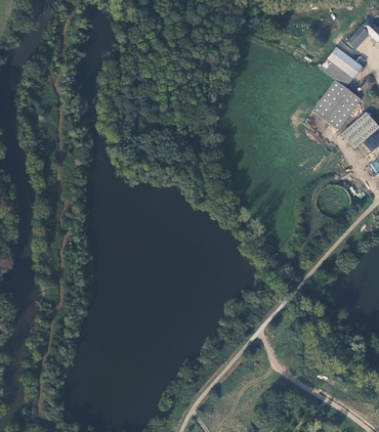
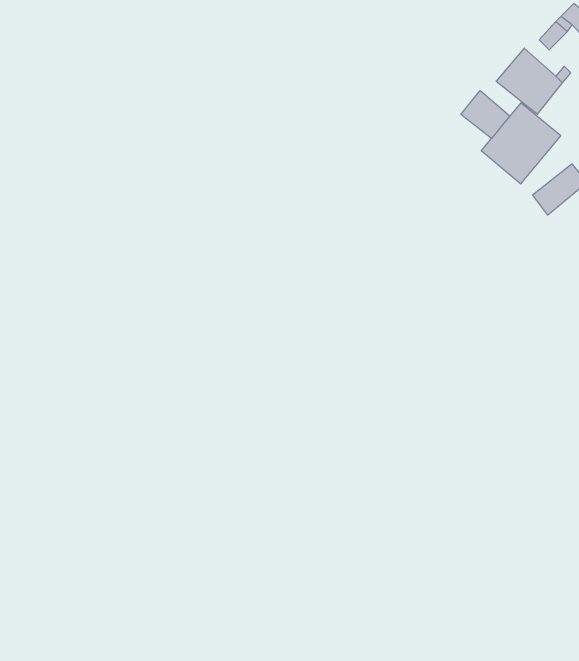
building: none -> [461,90,510,138]

